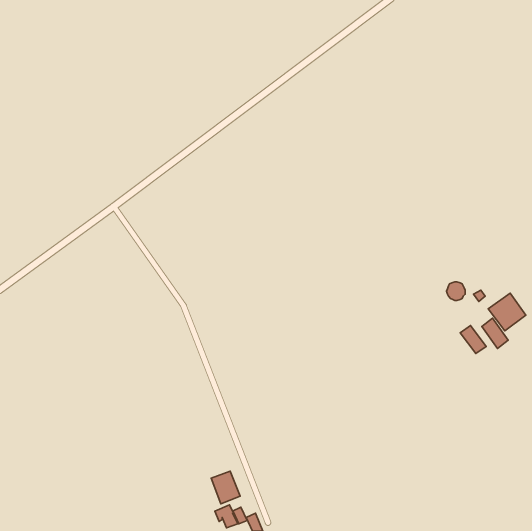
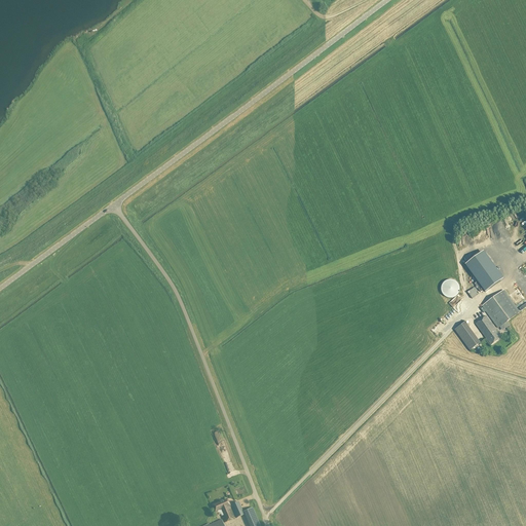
building: none -> [464,249,502,290]
building: [211,471,240,504] -> none

